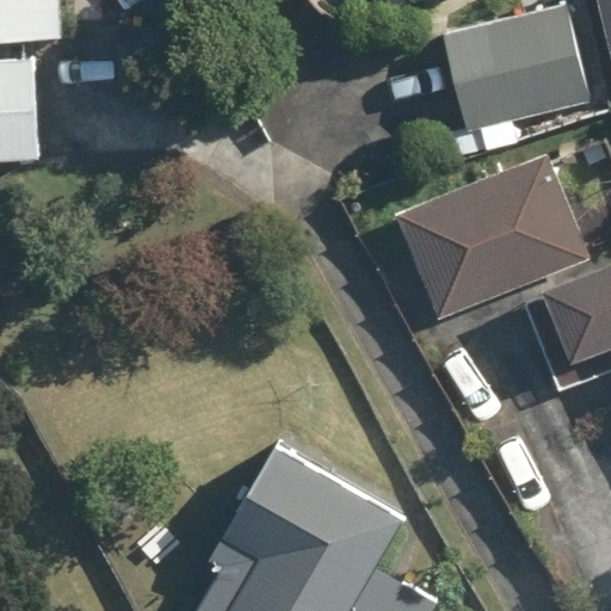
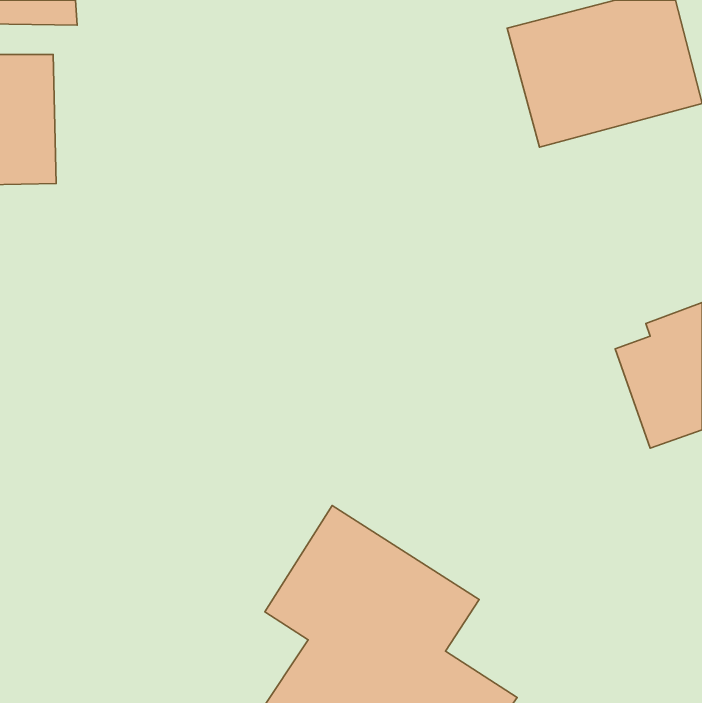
building: [389,155,585,320] -> none

